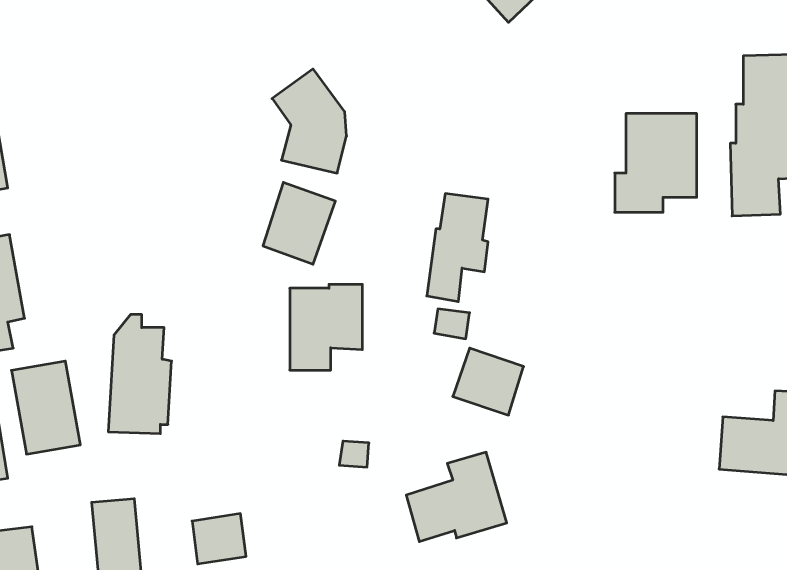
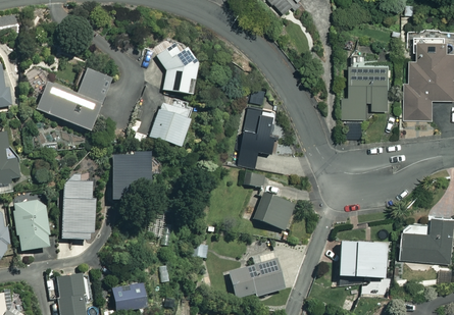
building: none -> [35,68,109,130]
building: [290,284,362,370] -> [115,154,155,201]
building: none -> [337,242,385,277]

